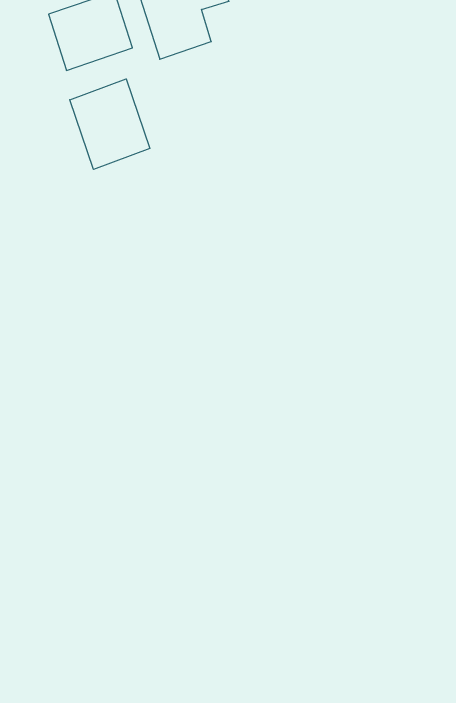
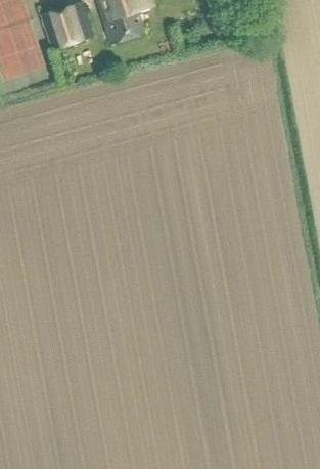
building: [70,79,150,169] -> none

